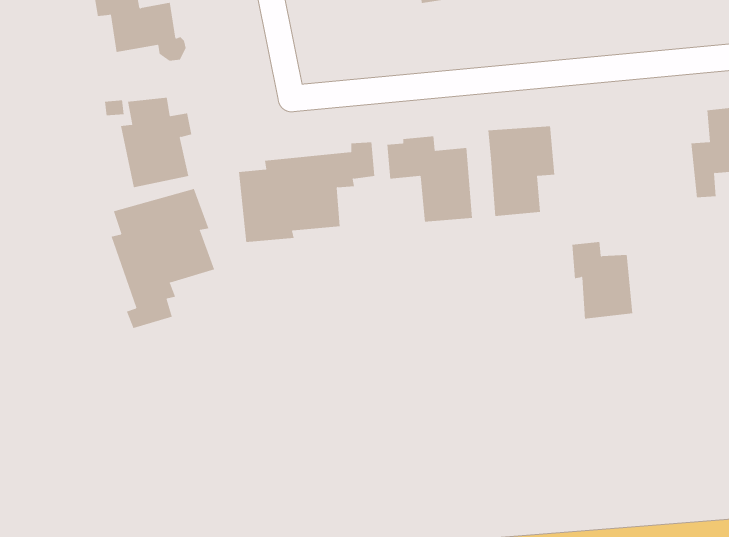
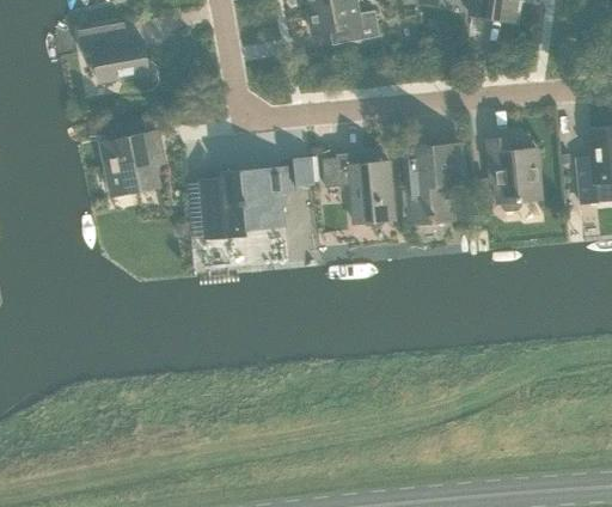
building: [111,188,215,329] -> none
building: [571,242,633,319] -> [488,139,539,203]

